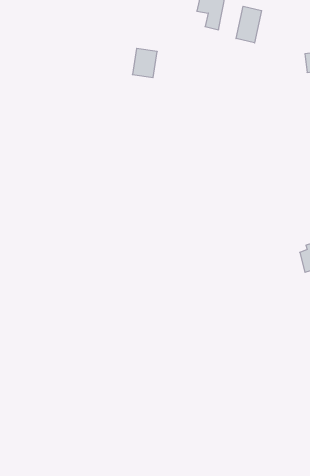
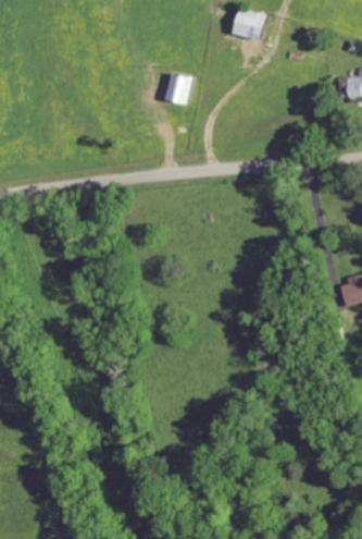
building: [236,6,262,43] -> none

